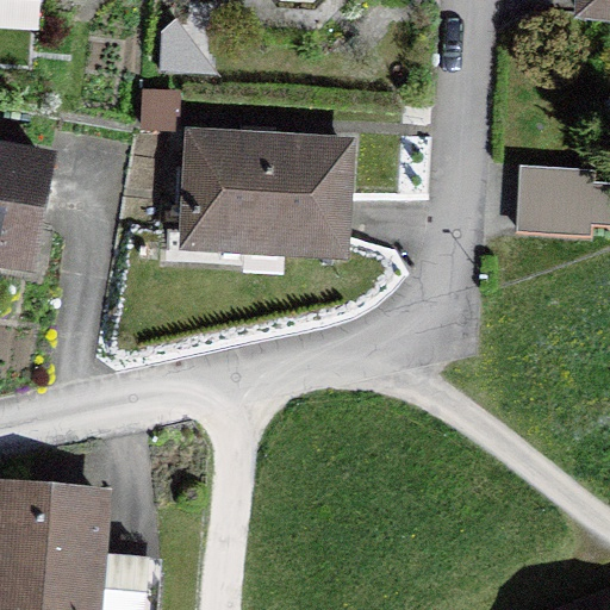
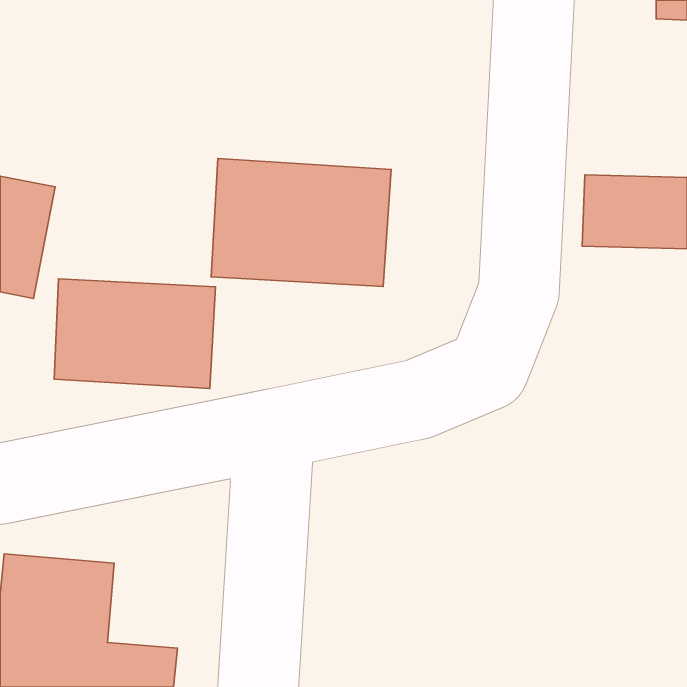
building: none -> [54,279,216,388]

